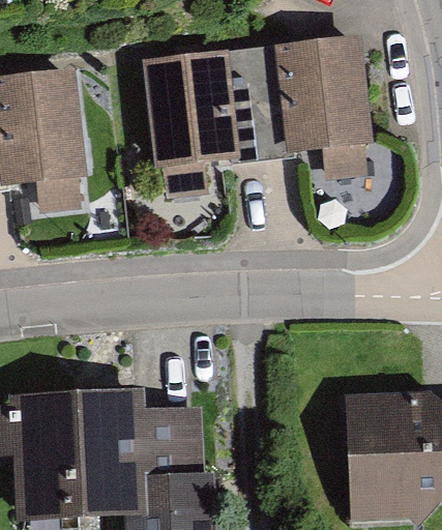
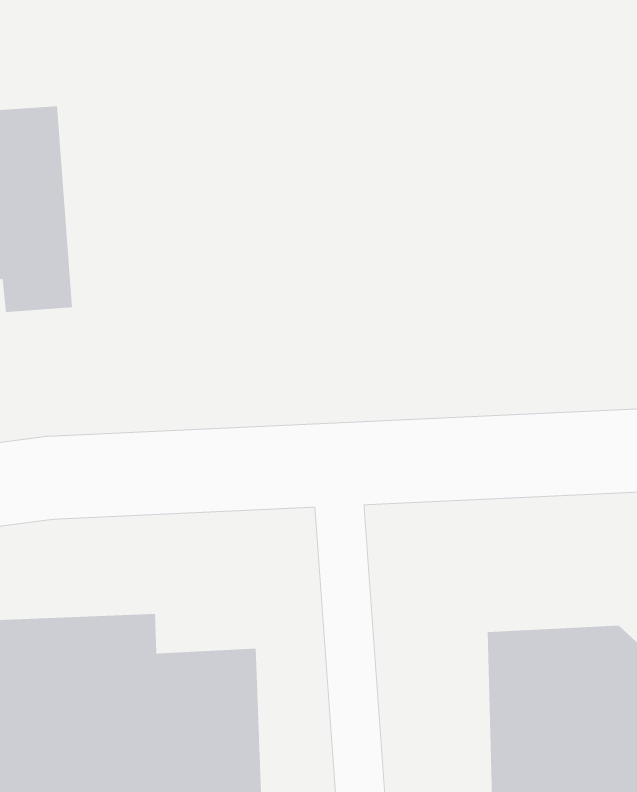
building: [269,37,369,173] -> none
building: [146,51,232,187] -> none

